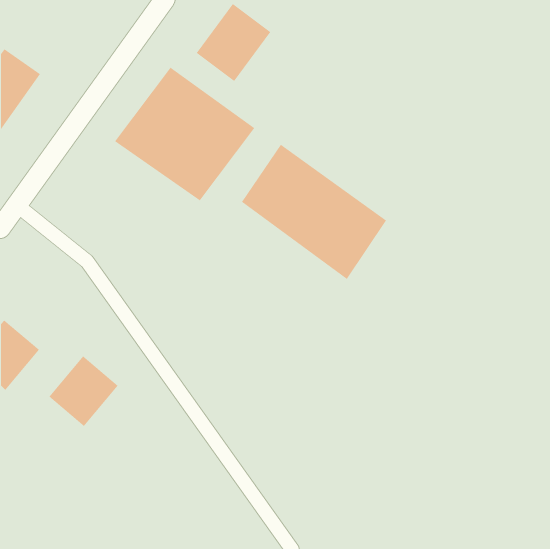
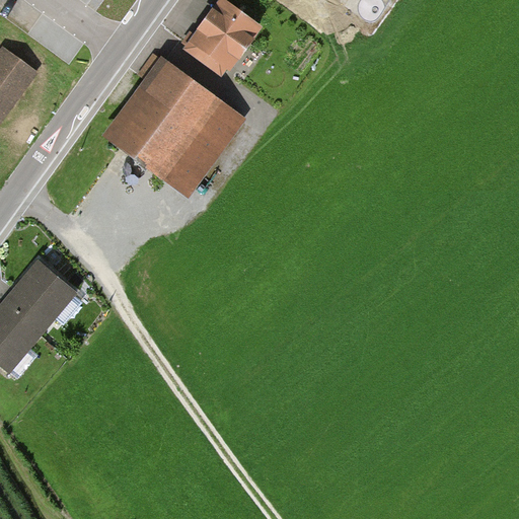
building: [241,144,387,280] -> none
building: [49,356,119,427] -> [4,263,70,329]

